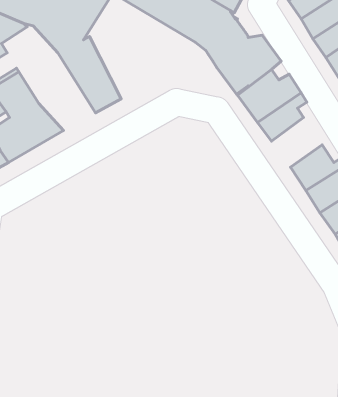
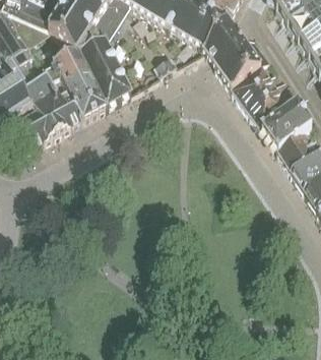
building: none -> [43,50,105,116]
building: none -> [261,100,311,147]

